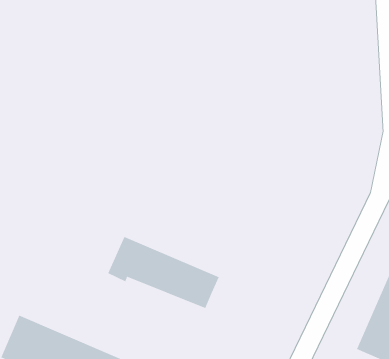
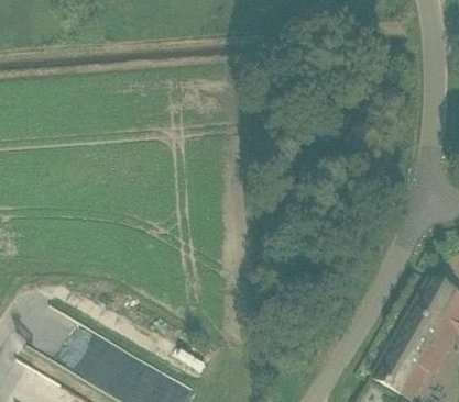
building: [107,236,219,309] -> none

